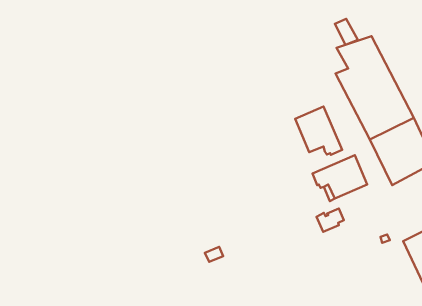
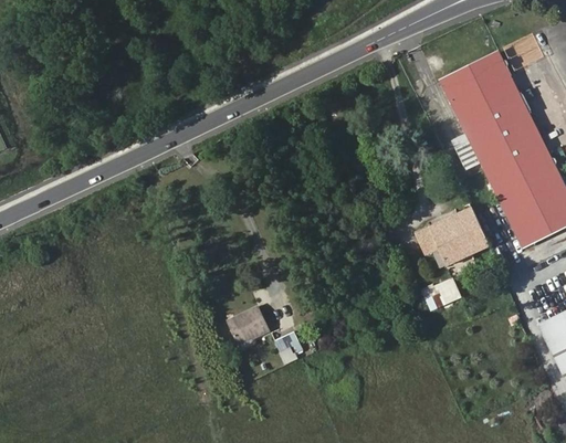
building: [335,19,358,45] -> [434,66,465,101]
building: [295,107,342,155] -> none
building: none -> [229,306,270,340]

